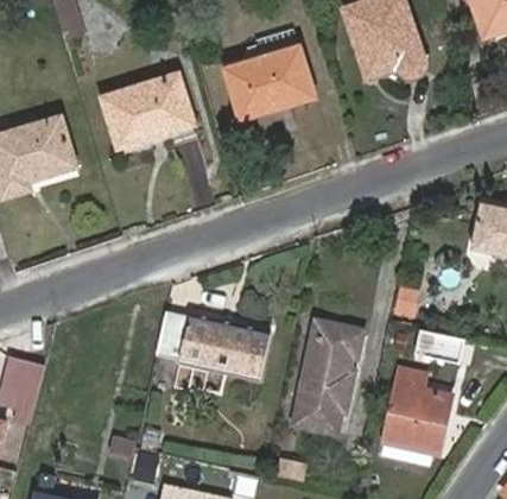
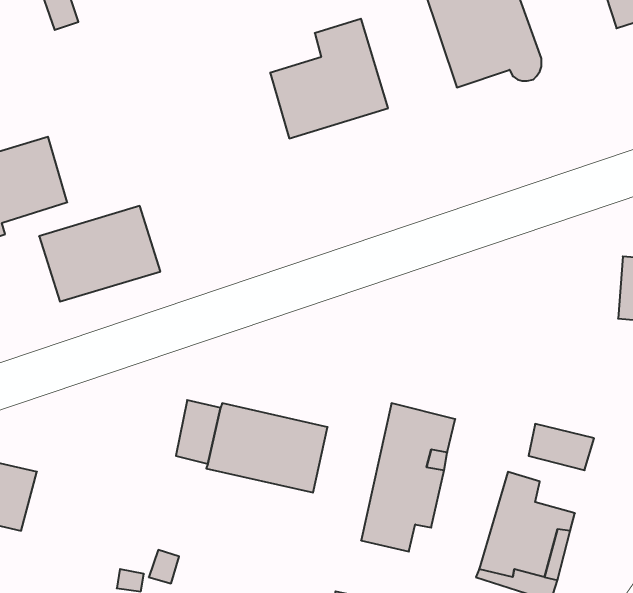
building: [101,75,191,146] -> [39,206,160,302]

